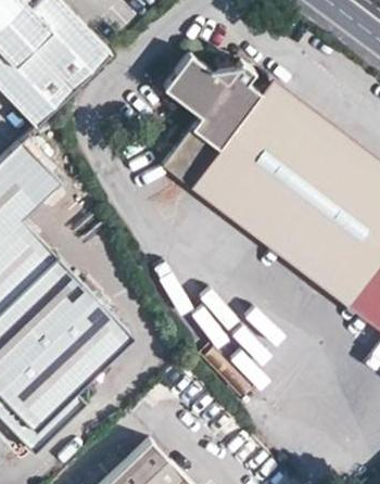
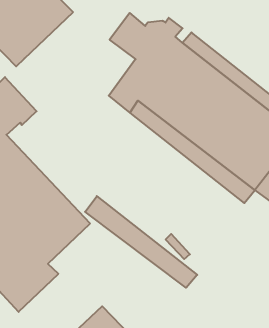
building: none -> [85,196,197,288]

